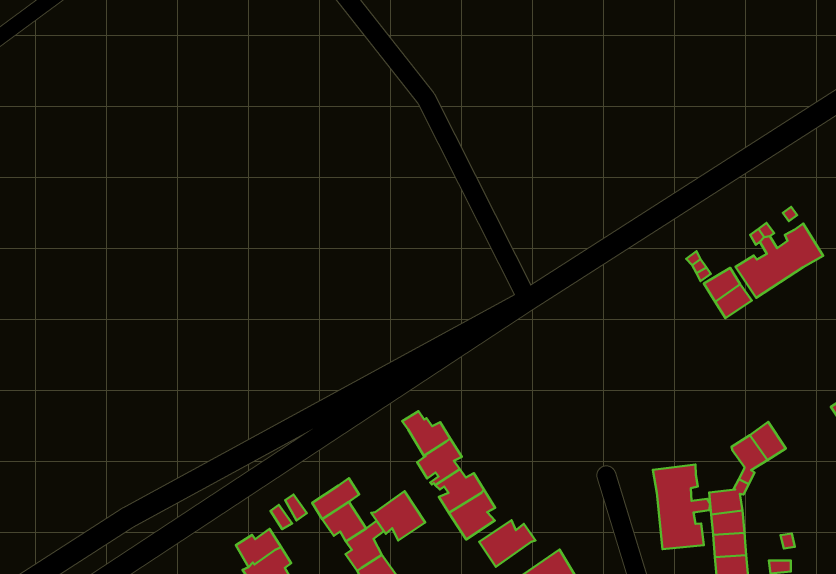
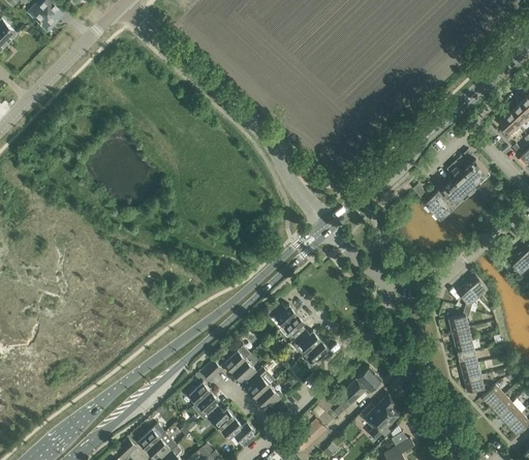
building: [653,465,710,549] -> none
building: [371,491,425,540] -> none
building: [479,520,536,567] -> none

